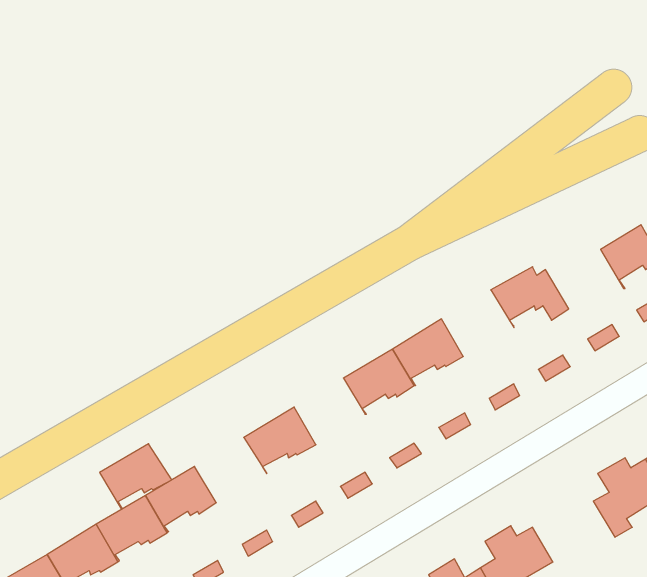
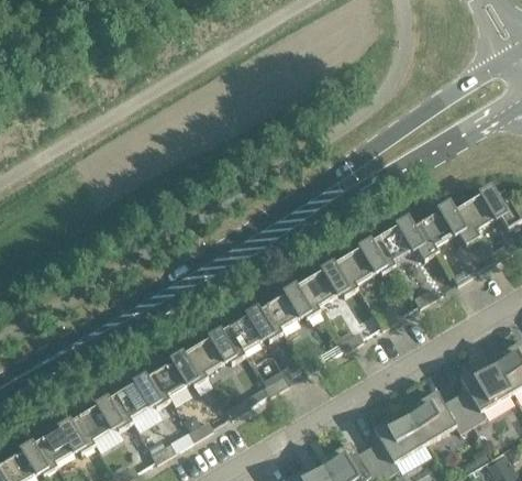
building: none -> [419,203,478,251]
building: none -> [340,237,395,287]
building: none -> [227,304,281,354]
building: [100,444,172,509] -> [152,349,207,398]
building: none -> [409,391,471,444]

